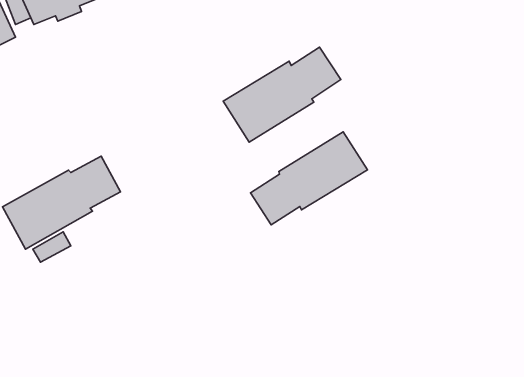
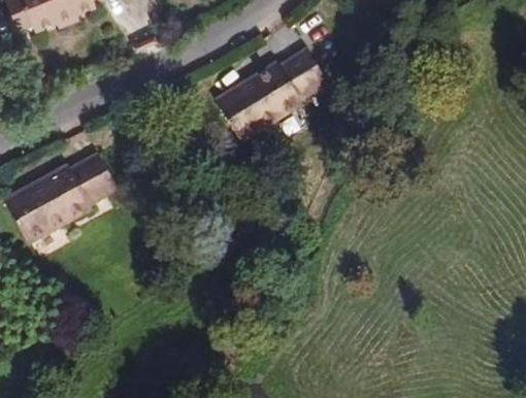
building: [251,132,367,225] -> none

